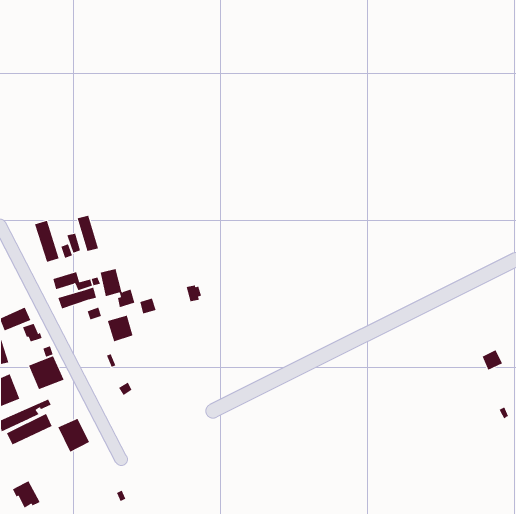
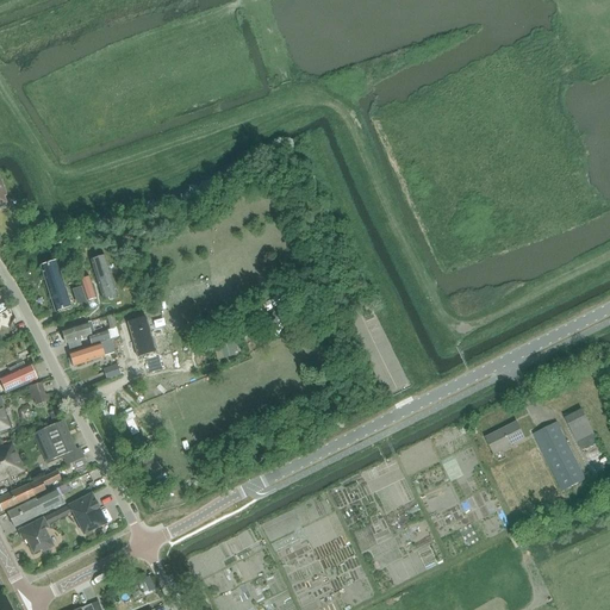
building: [107,315,133,342] -> none
building: none -> [485,419,524,452]
building: none -> [533,419,585,490]
building: [12,479,40,508] -> [19,517,52,552]

